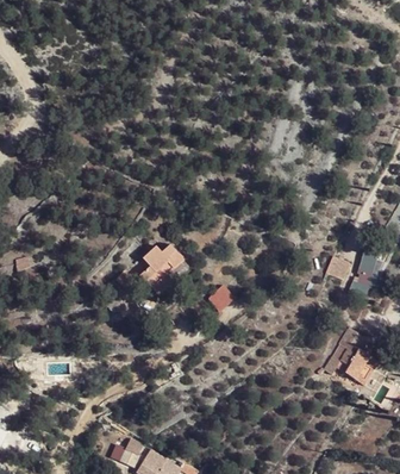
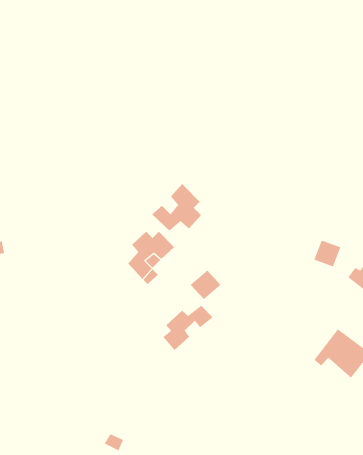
building: none -> [151,183,202,232]
building: none -> [163,305,213,351]

